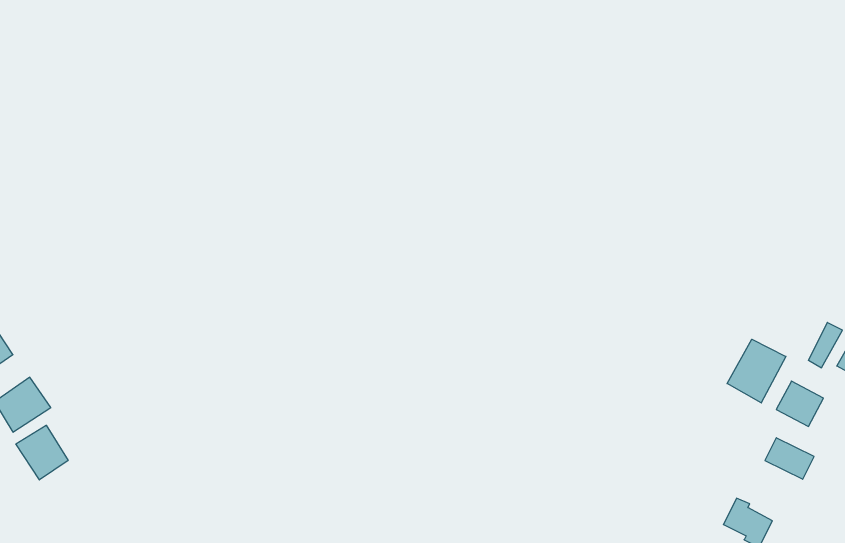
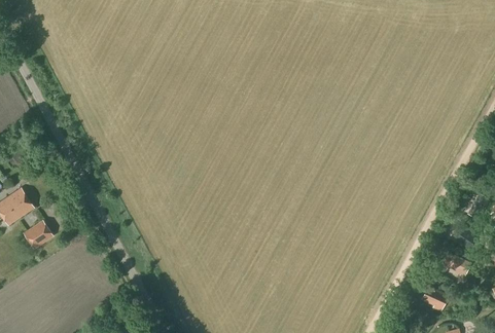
building: [727,339,786,403] -> none
building: [16,425,68,480] -> none

